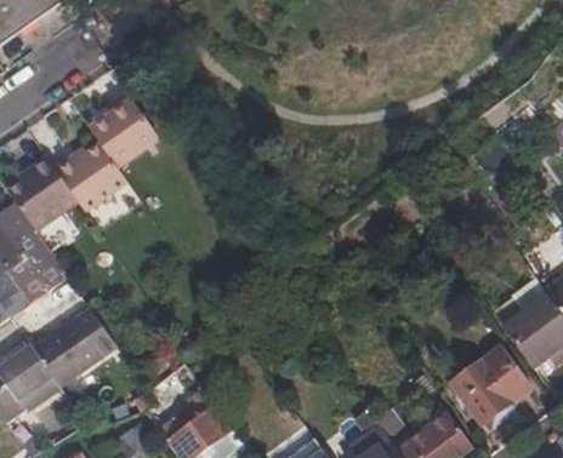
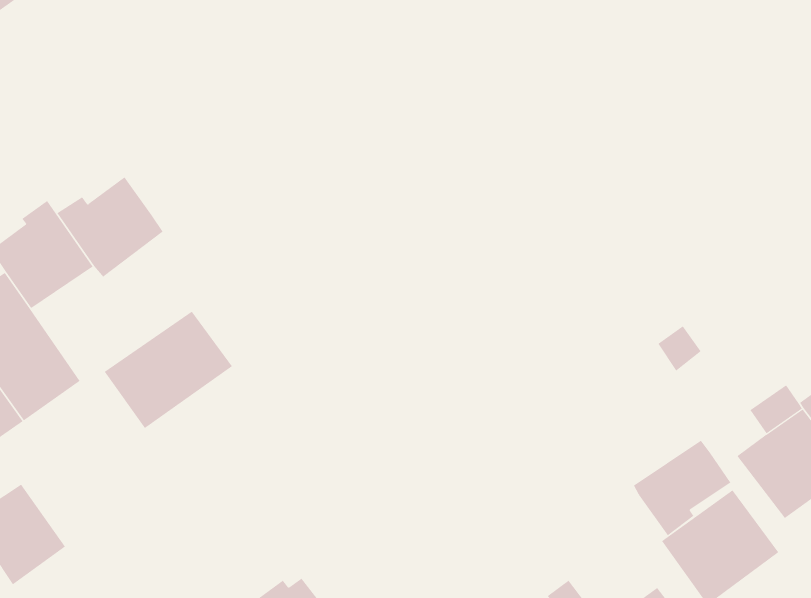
building: [86,98,157,167] -> none
building: [32,308,116,385] -> [104,311,233,429]
building: none -> [633,440,731,536]

